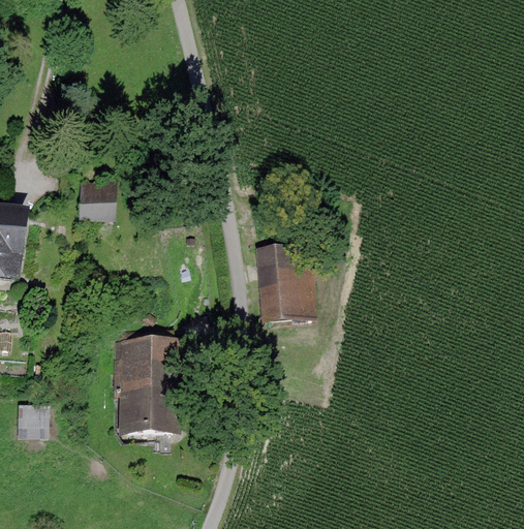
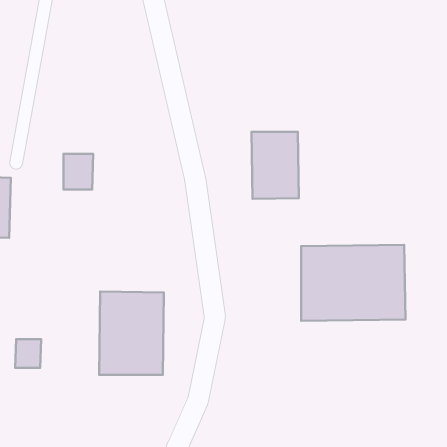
building: [258,243,313,320] -> [251,132,299,199]
building: none -> [301,245,406,321]

